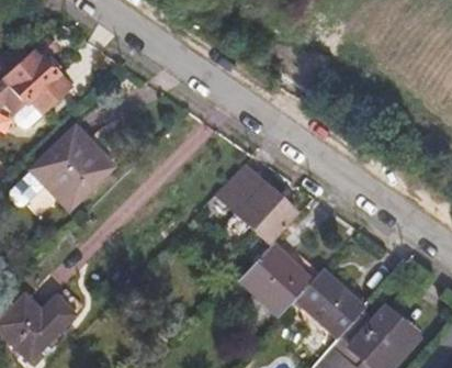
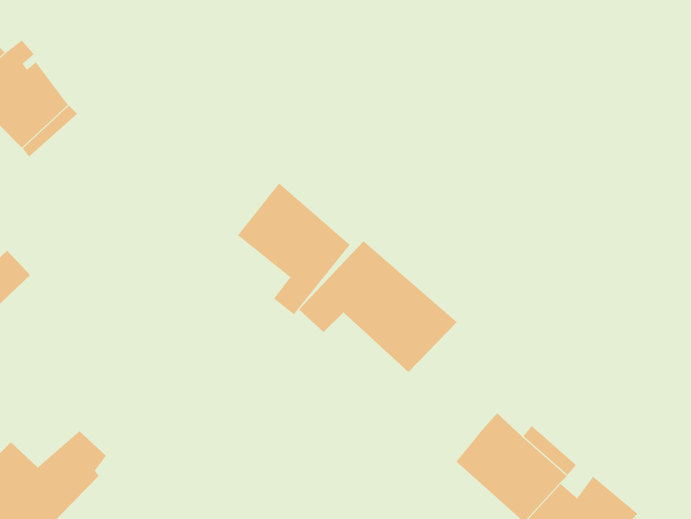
building: [31,126,111,208] -> none
building: none -> [237,183,351,315]
building: [238,246,313,320] -> none

